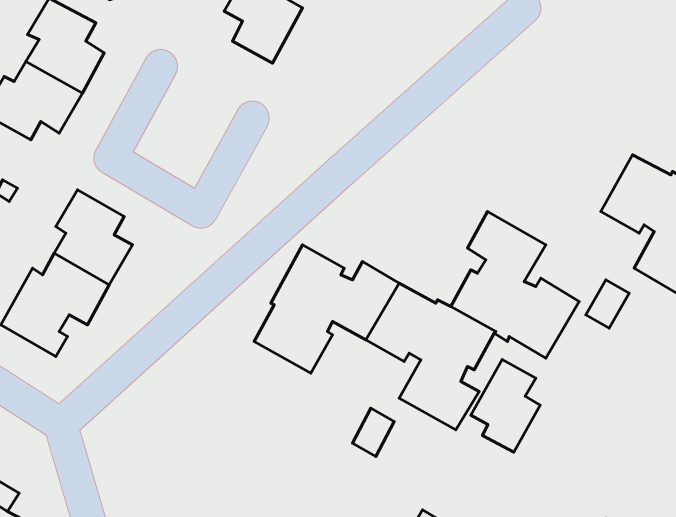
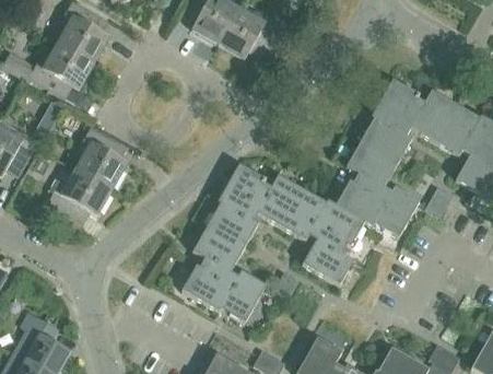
building: none -> [219,8,281,59]
building: none -> [360,79,455,163]
building: none -> [181,226,266,322]
building: [471,359,540,452] -> none

